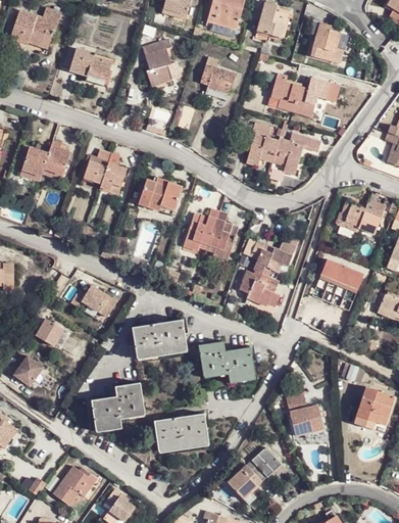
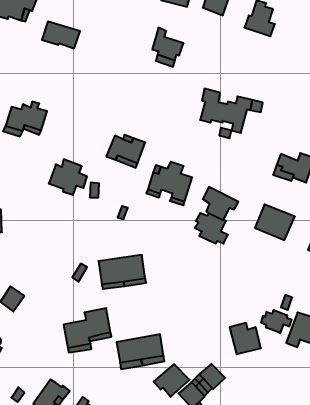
building: [140,36,170,84] -> none
building: [267,74,329,117] -> none
building: [86,148,131,190] -> [49,159,87,195]
building: [80,287,115,320] -> none
building: [38,320,64,347] -> none
building: [198,341,253,377] -> none
building: none -> [261,310,292,333]
building: none -> [154,364,190,397]

